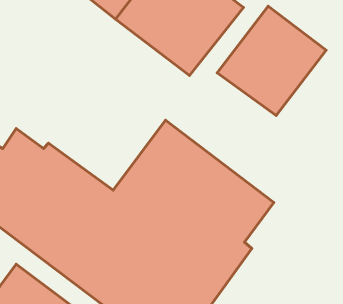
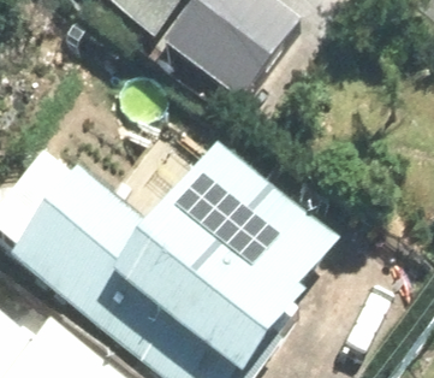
building: [217,6,326,115] -> none

